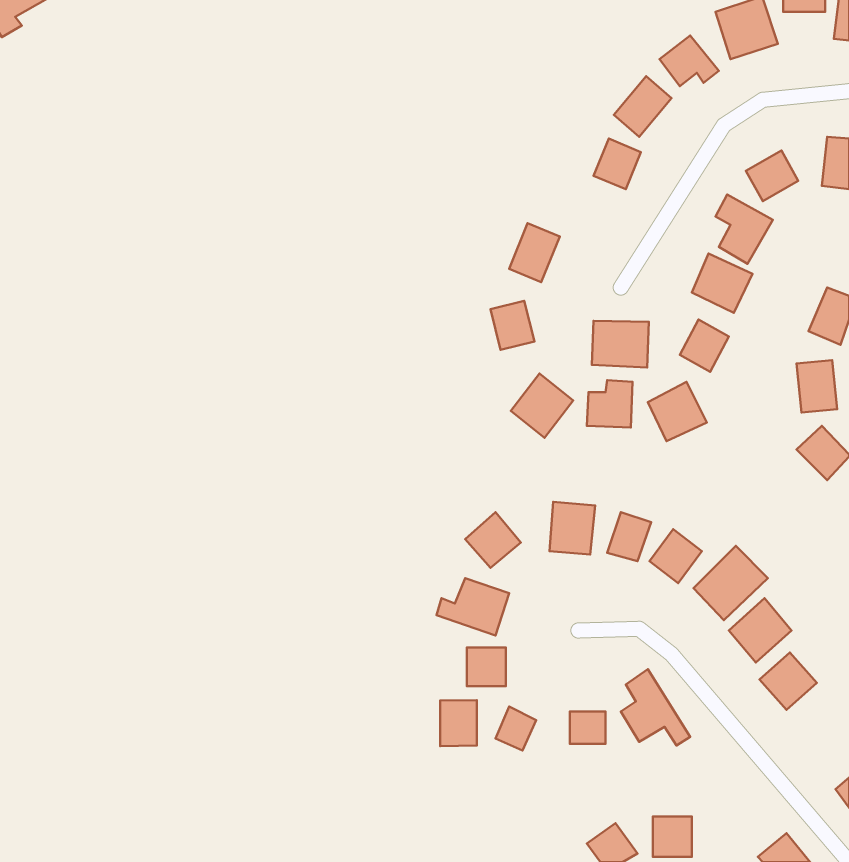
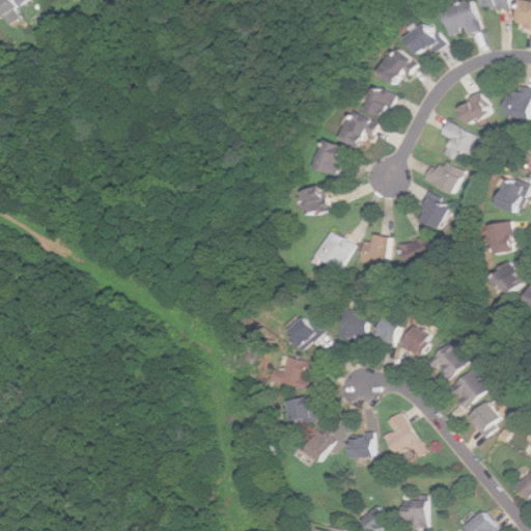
building: none -> [339,110,373,148]
building: [592,321,649,367] -> none
building: [440,700,477,746] -> none

